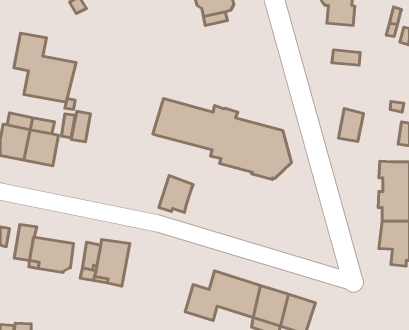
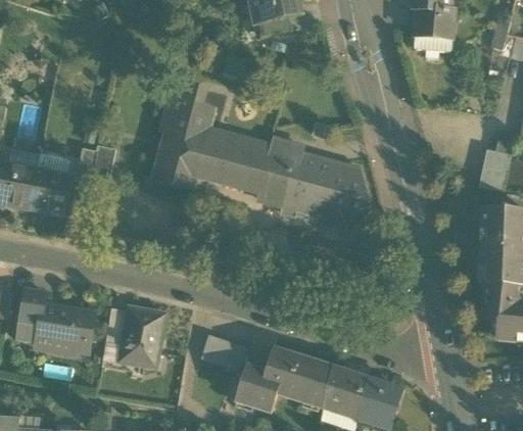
building: [14,33,76,102] -> none
building: [332,50,360,65] -> [415,33,450,52]
building: none -> [154,80,213,187]
building: [339,109,363,141] -> [479,149,511,191]
building: [159,176,193,212] -> none
building: none -> [202,334,247,369]

